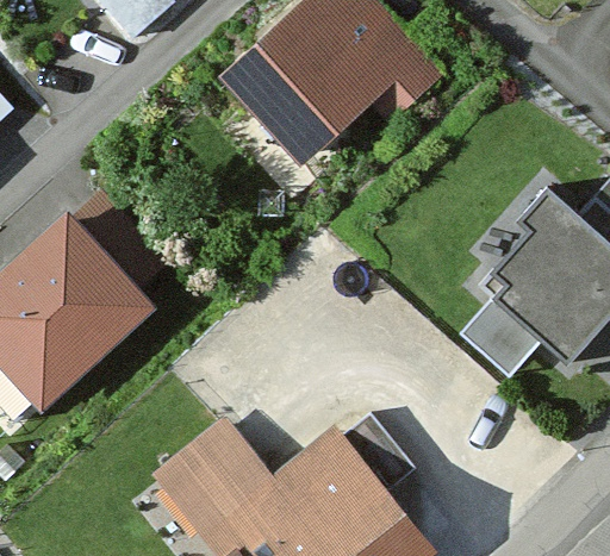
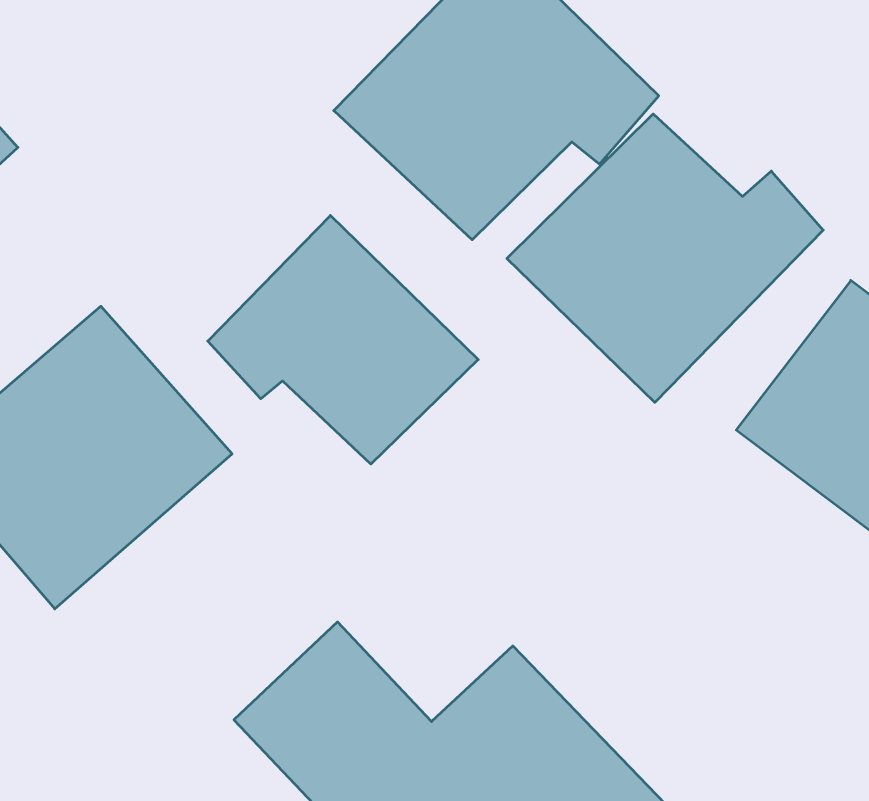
building: none -> [507,114,823,402]
building: none -> [208,215,478,464]

